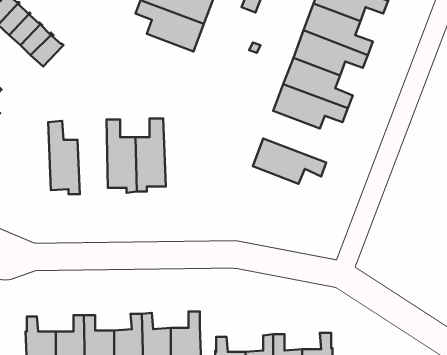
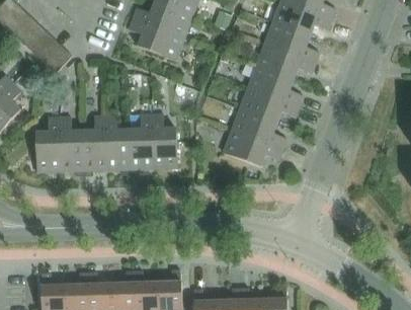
building: none -> [231,107,285,149]
building: none -> [151,113,177,168]
building: none -> [82,114,106,174]
building: none -> [35,117,61,171]

